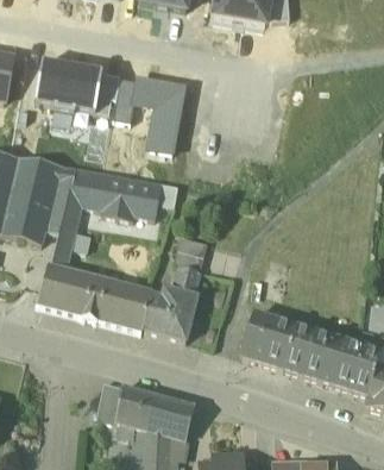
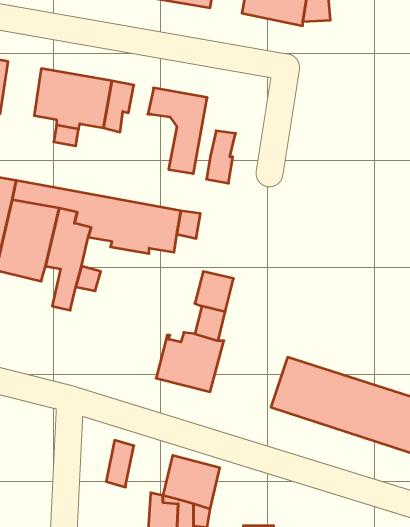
building: [112,77,137,123] -> [206,131,236,183]
building: [37,264,147,330] -> none
building: [113,384,153,428] -> none

